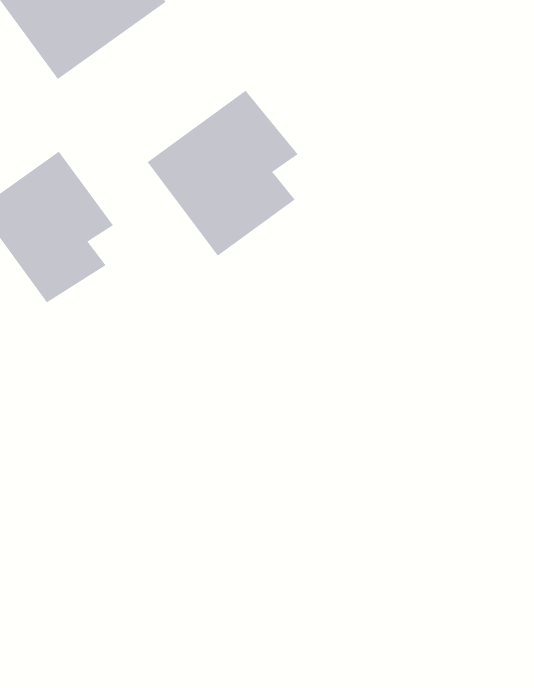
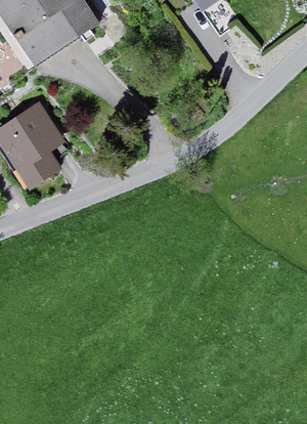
building: [147,90,299,257] -> none

